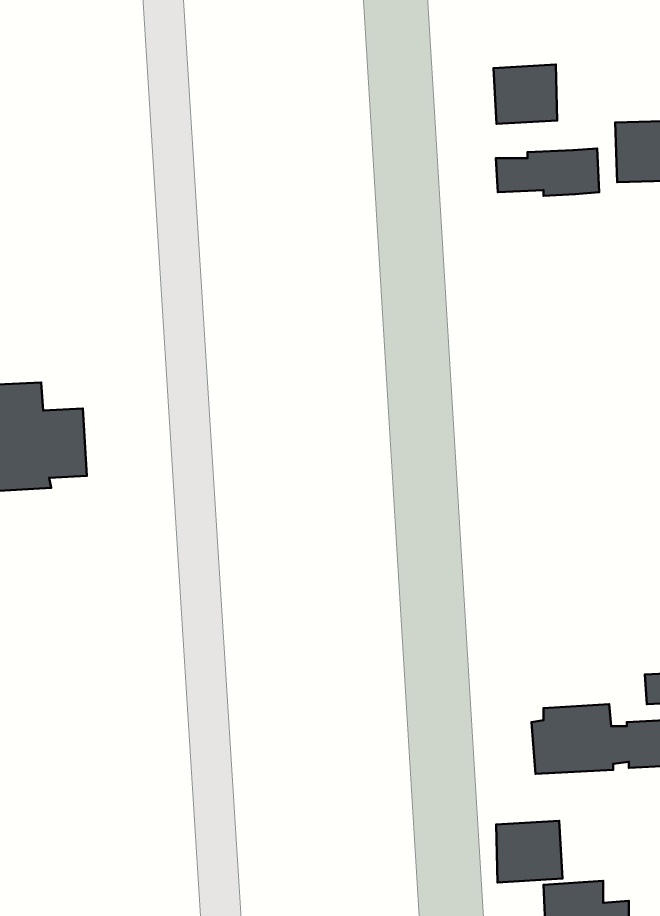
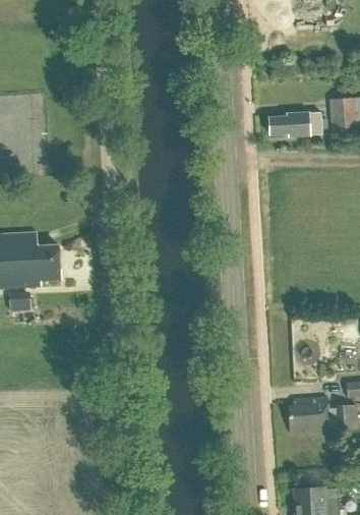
building: [494,65,557,124] -> none
building: [496,821,562,883] -> none

